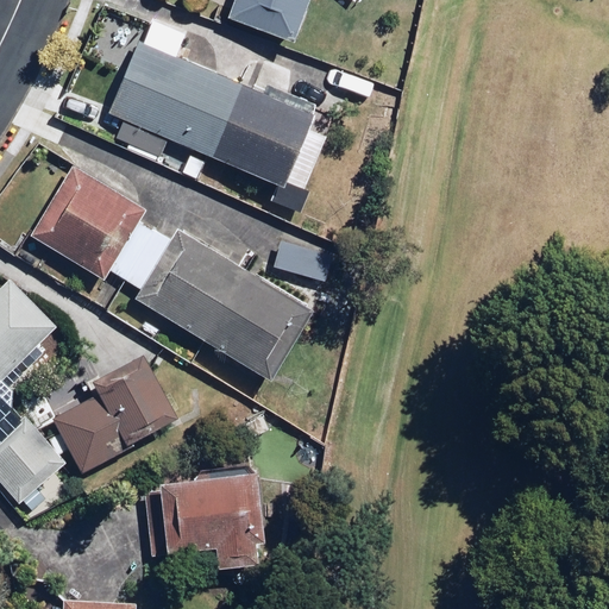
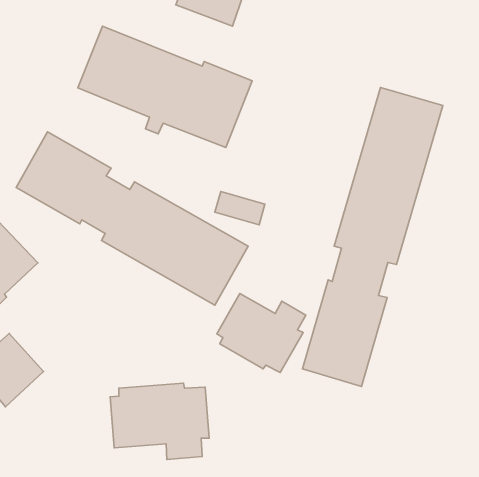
building: none -> [302,87,443,387]
building: [57,354,178,472] -> none
building: none -> [217,294,306,373]

